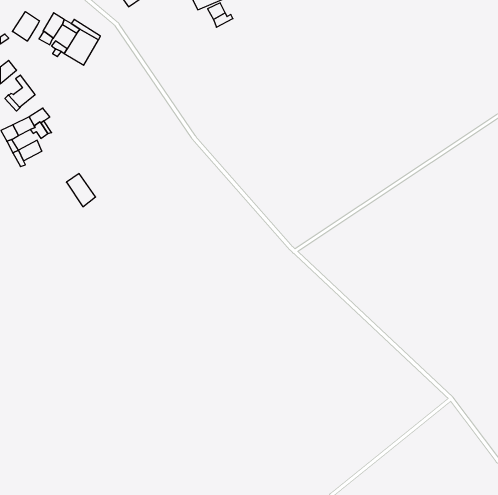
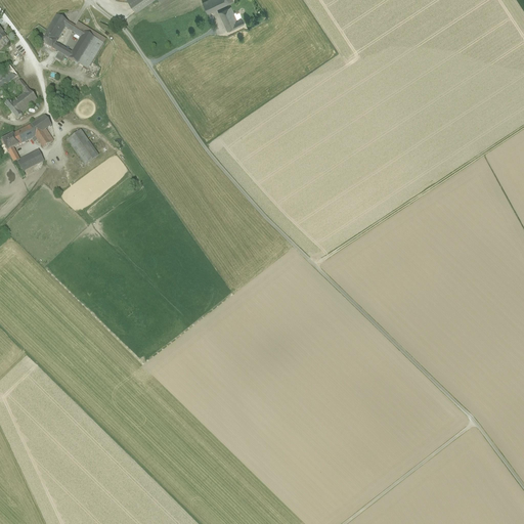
building: [12,12,39,41] -> none
building: [66,174,96,207] -> [68,128,98,163]

